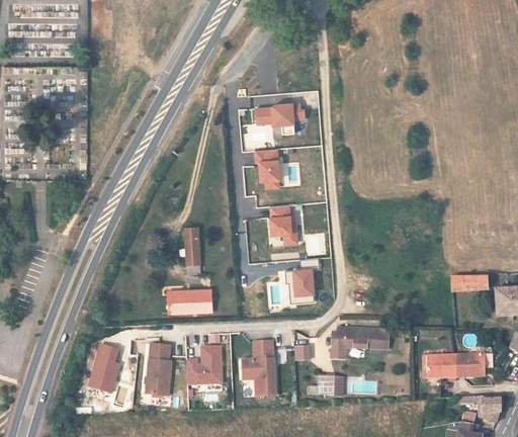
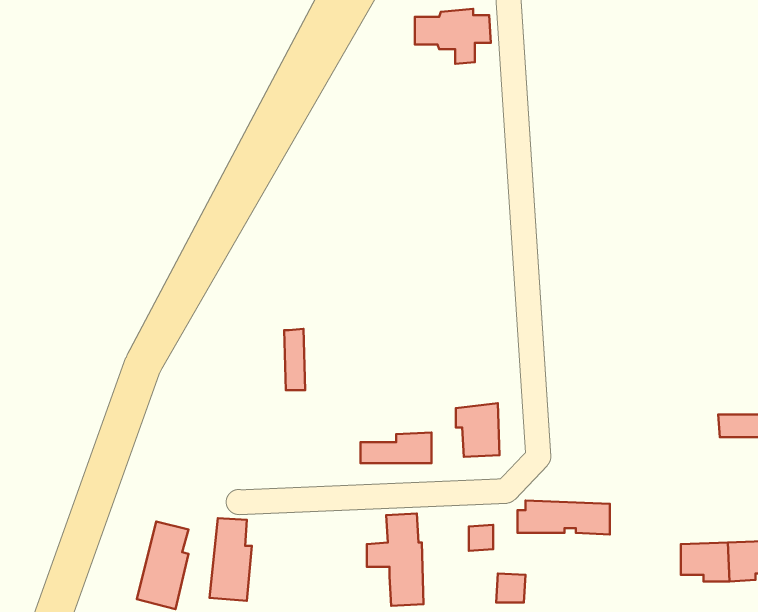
building: [259,101,307,136] -> [415,9,491,64]
building: [257,149,282,189] -> none
building: [272,204,300,244] -> none
building: [160,287,204,307] -> [360,432,432,463]
building: [188,343,225,383] -> none

